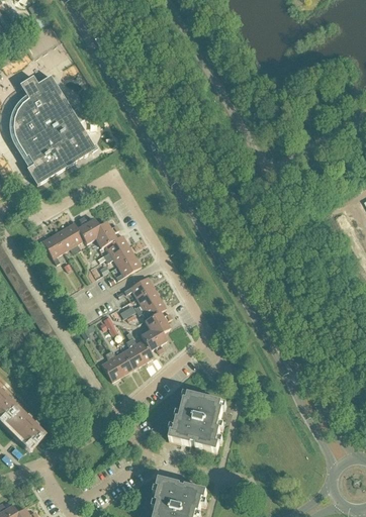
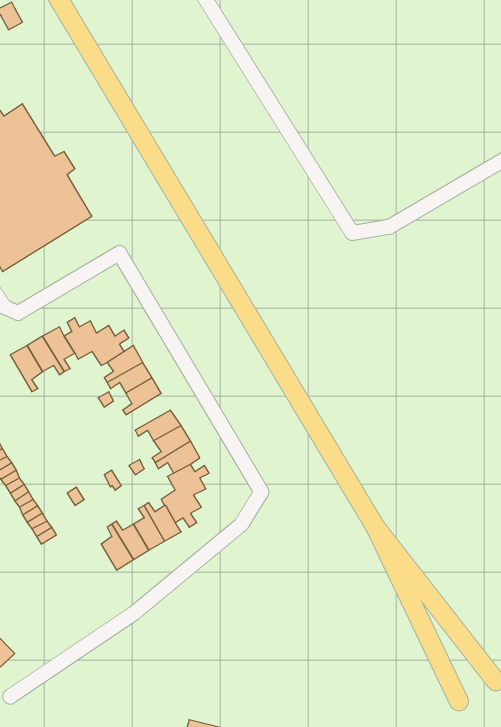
building: [169,392,224,450] -> none

